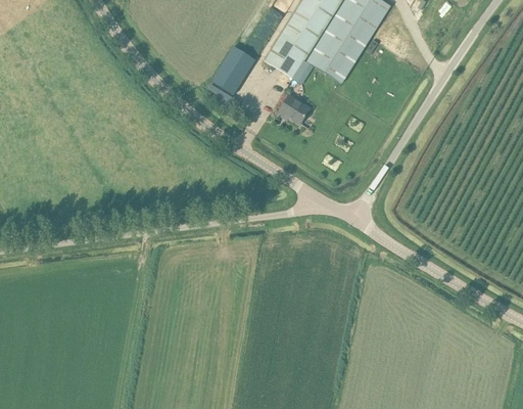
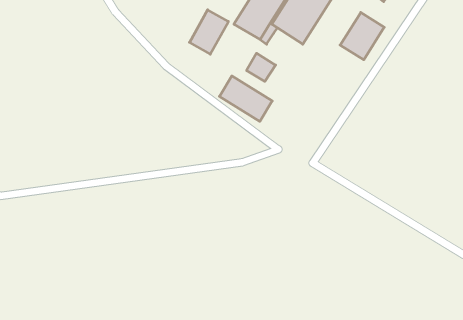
building: none -> [340,12,384,60]
building: none -> [219,76,272,121]

